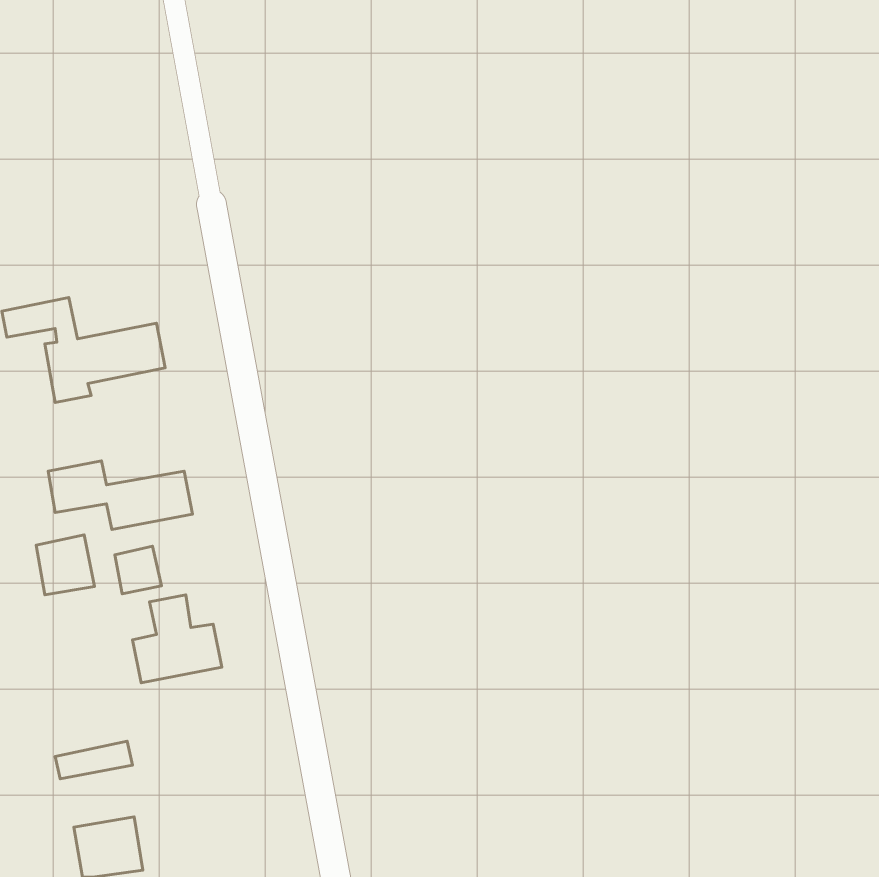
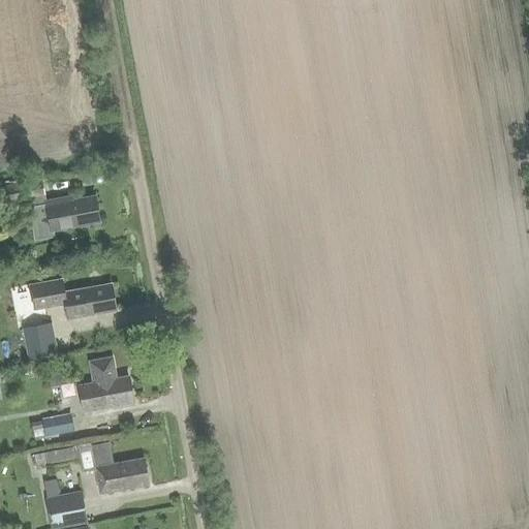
building: [115,546,162,594] -> none
building: none -> [34,413,72,436]
building: none -> [95,457,148,493]

